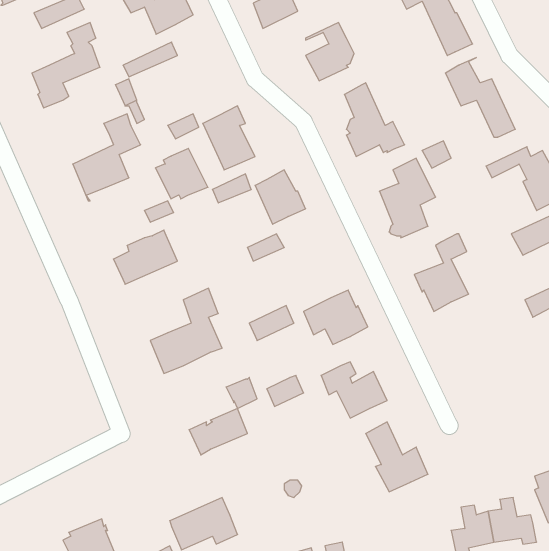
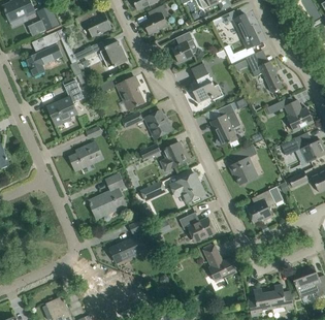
building: [155,148,208,199] -> [100,40,128,67]
building: none -> [160,142,188,170]
building: none -> [247,189,275,222]

